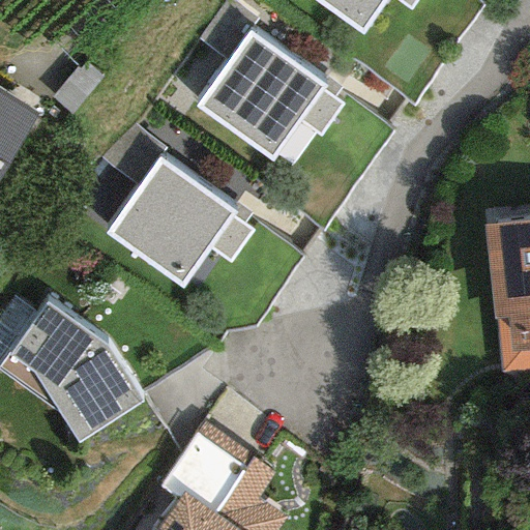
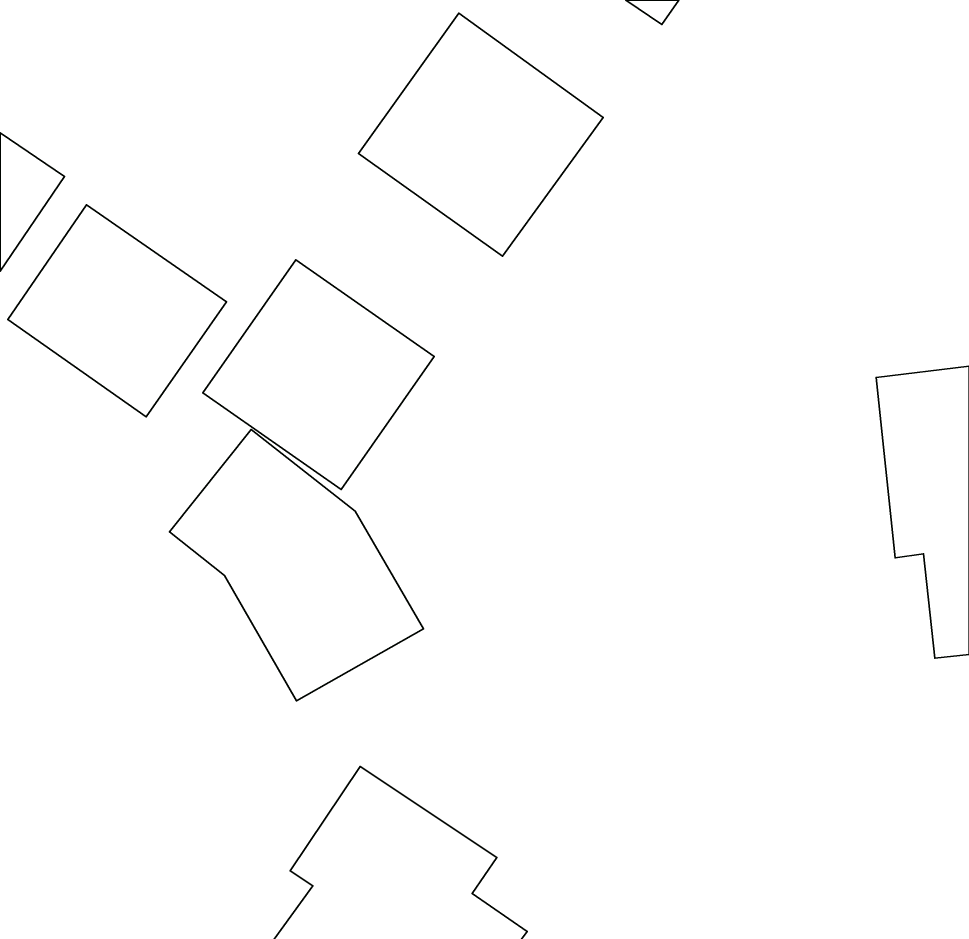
building: none -> [8,205,226,417]
building: [9,296,148,444] -> [169,430,424,701]

